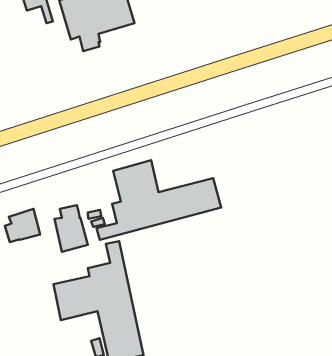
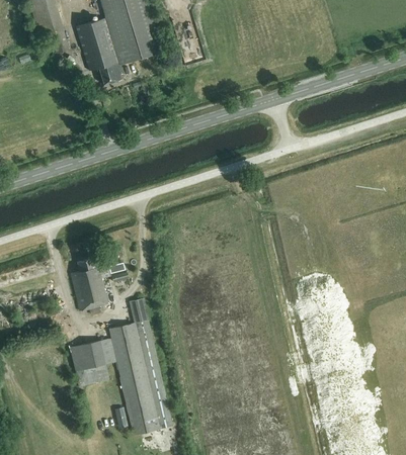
building: [96,160,221,240] -> none
building: [5,209,40,242] -> none

